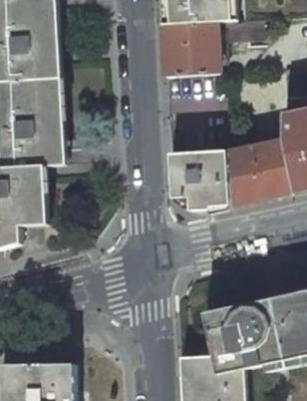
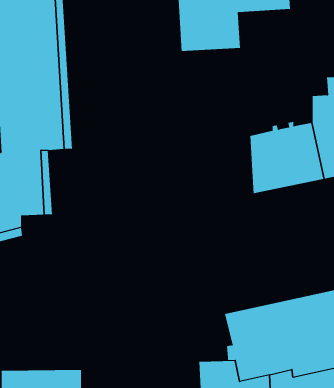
building: [169,150,229,211] -> none

